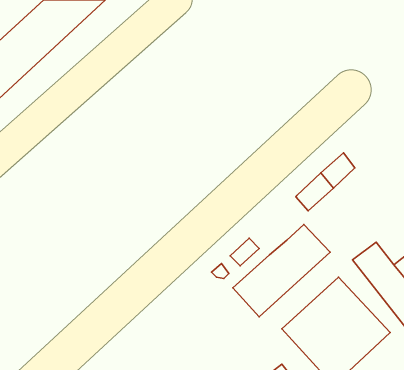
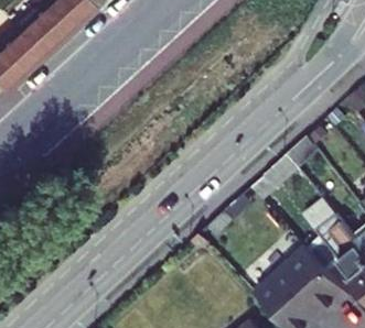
building: [233,225,330,317] -> none

